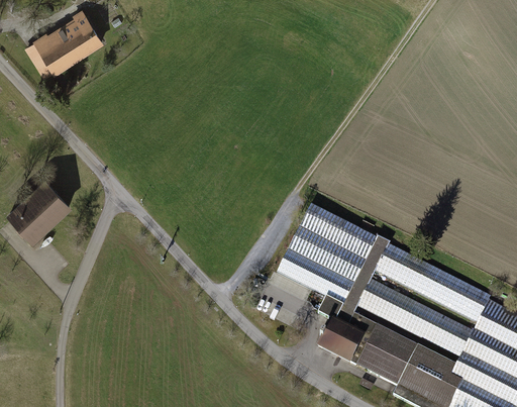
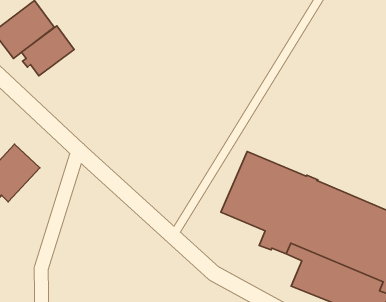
building: none -> [21,26,74,76]
building: [319,318,368,366] -> none

